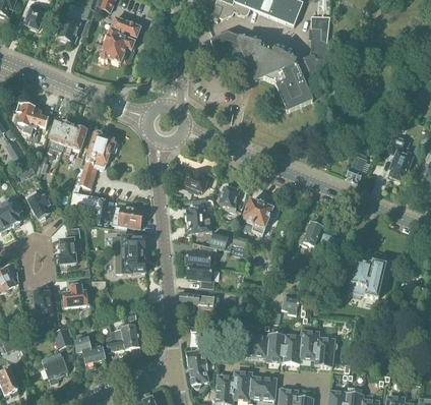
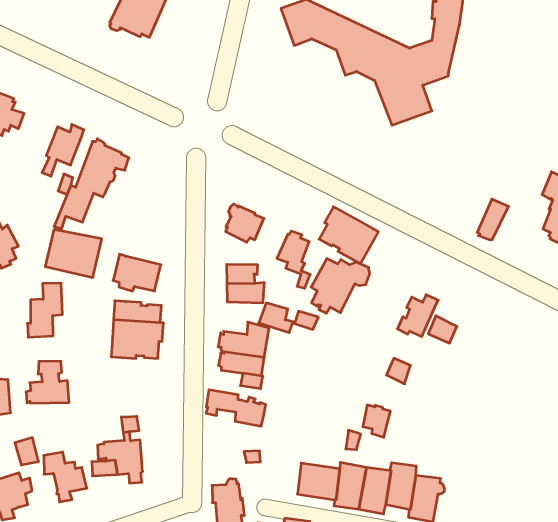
building: [46,118,71,153] -> none
building: none -> [319,207,378,264]
building: [350,259,386,297] -> none

